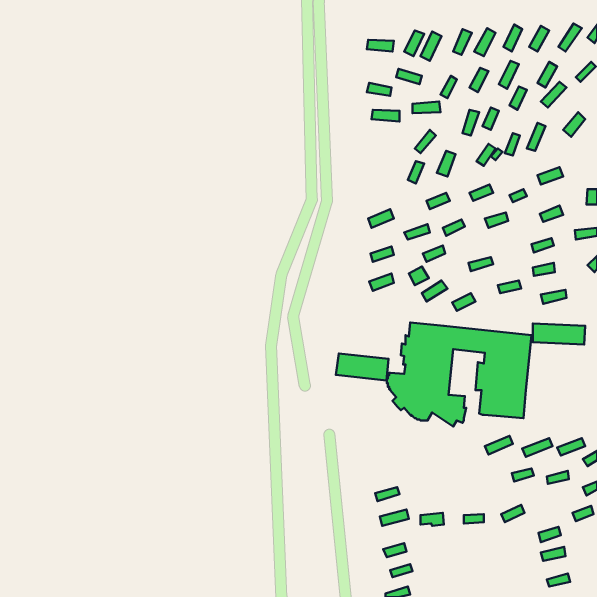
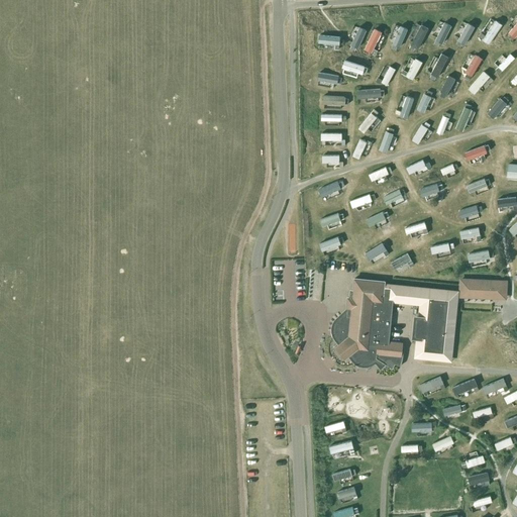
building: [336,354,389,380] -> none

